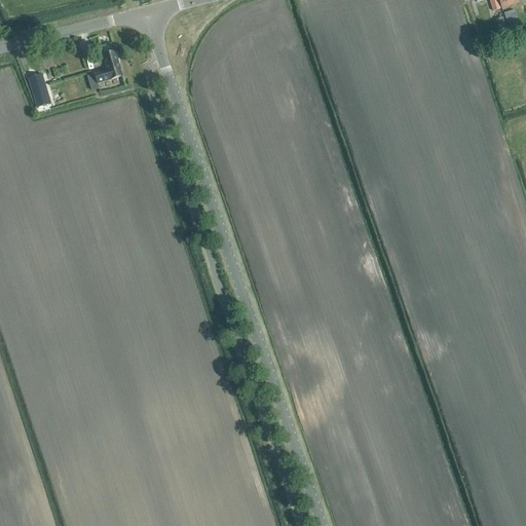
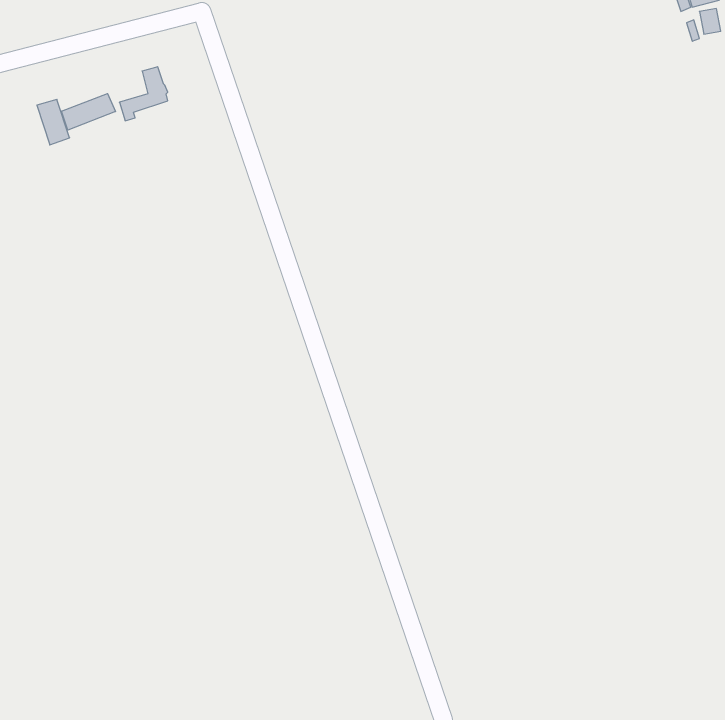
building: none -> [61,94,115,130]

